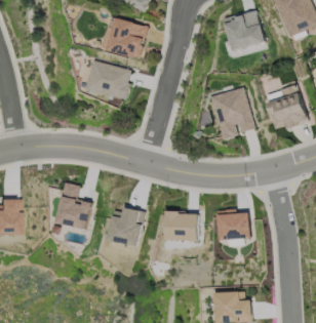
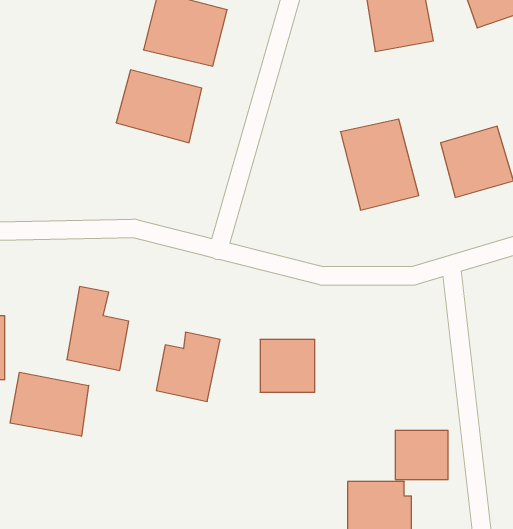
building: [219,212,248,240] -> [395,430,448,480]
building: none -> [10,372,89,436]

